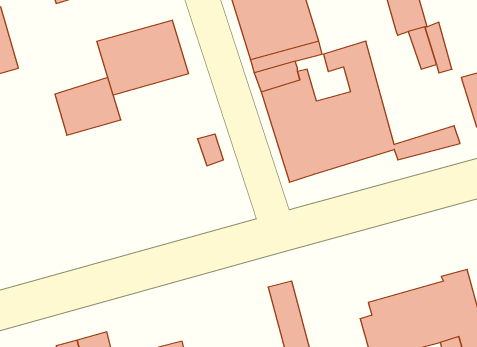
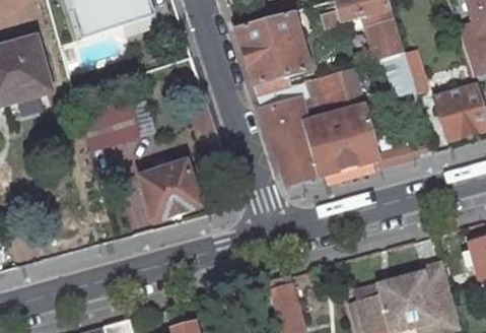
building: [97,20,189,95] -> none
building: none -> [139,158,202,220]

